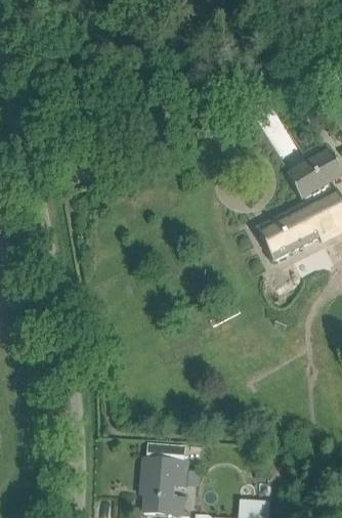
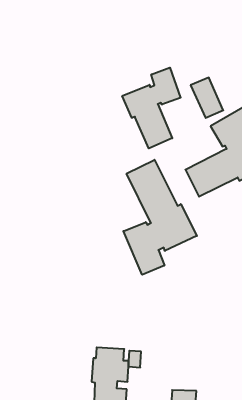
building: none -> [122,68,181,148]
building: none -> [123,160,197,275]

